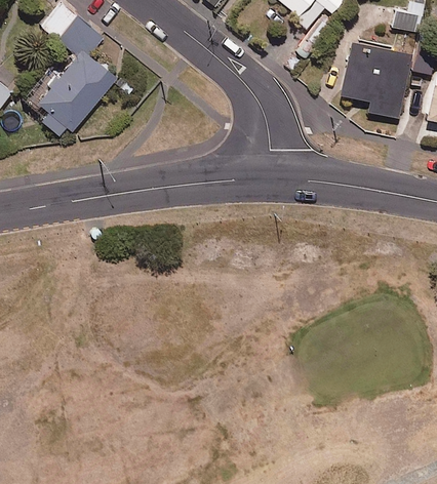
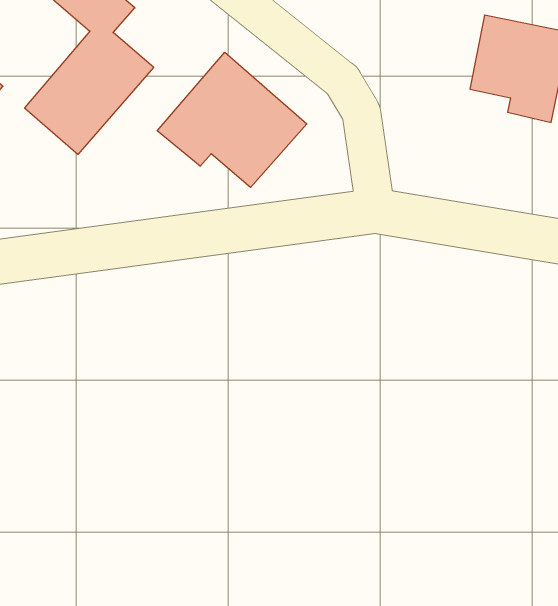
building: none -> [157,52,307,187]

